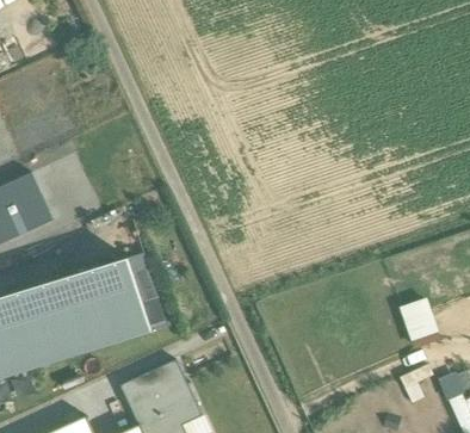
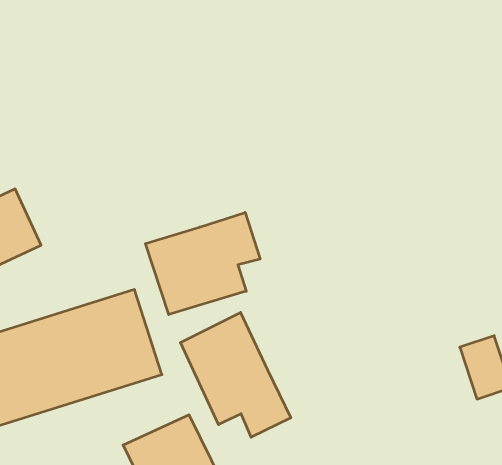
building: none -> [145,212,260,315]
building: none -> [180,312,291,437]

